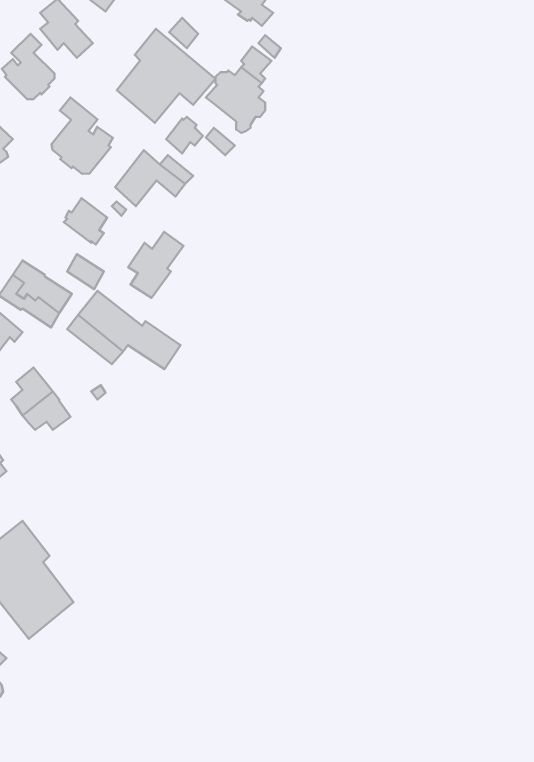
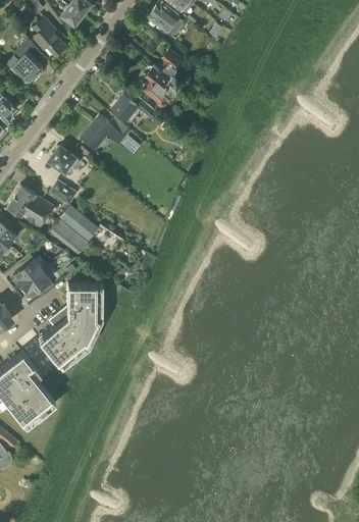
building: [117,29,216,123] -> none
building: [51,97,113,174] -> none
building: [128,232,183,298] -> none
building: none -> [39,284,102,367]

